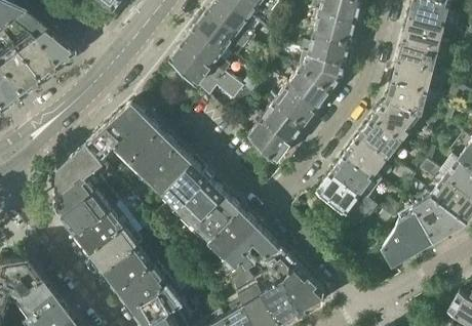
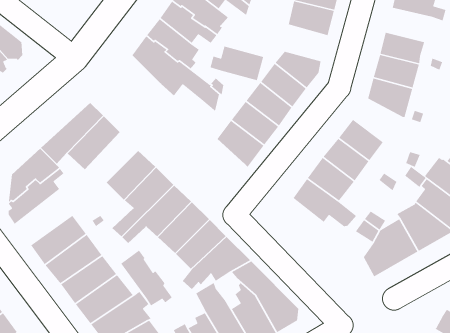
building: [402,17,444,48] -> none
building: [300,33,350,66] -> [209,45,264,81]
building: [372,100,419,140] -> none
building: [126,131,175,181] -> none
building: [62,184,115,235] -> none
building: none -> [120,250,173,306]

